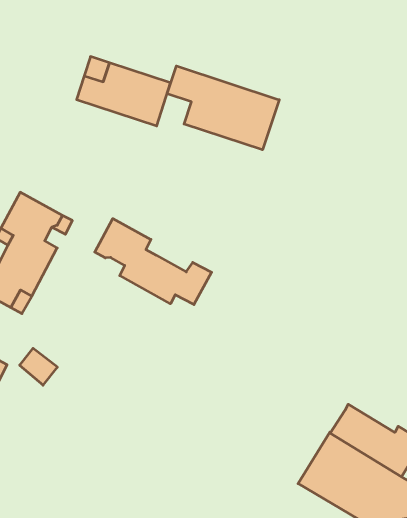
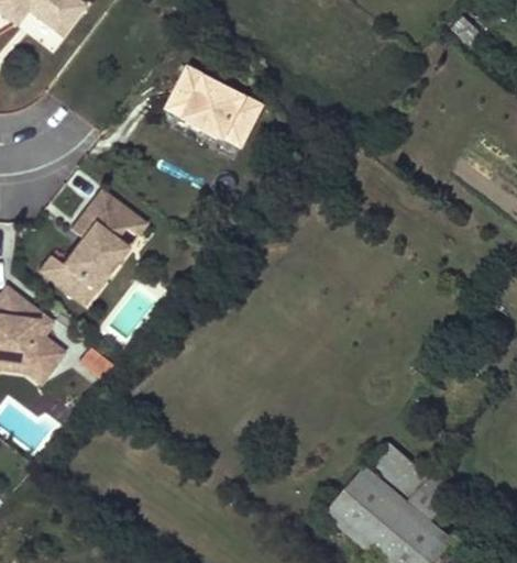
building: [167,66,279,150] -> none
building: [95,219,212,305] -> none

